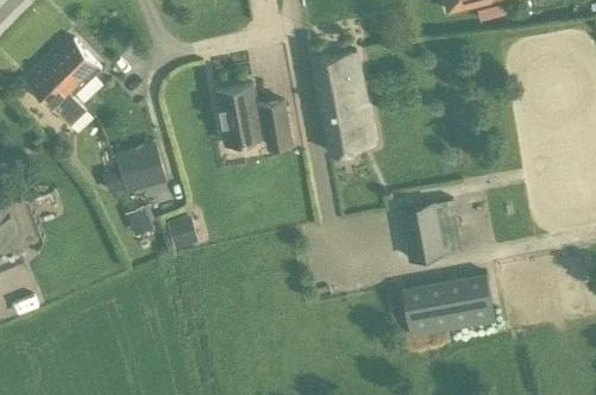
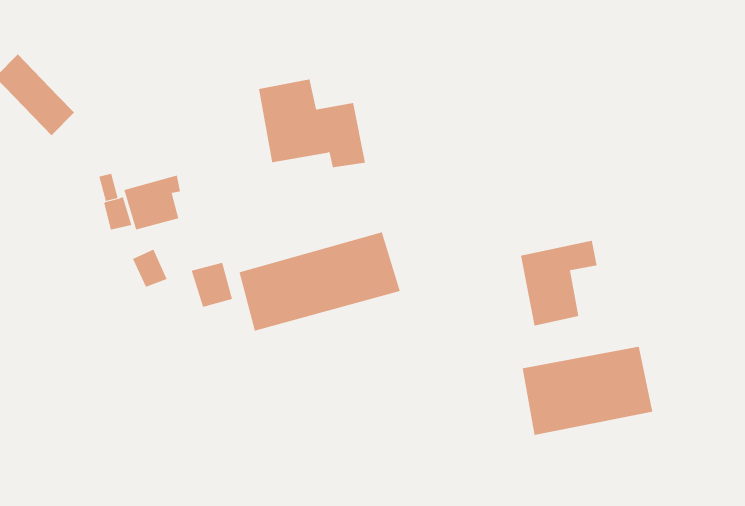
building: [46,39,103,96] -> none
building: [314,52,375,153] -> none
building: none -> [239,232,401,331]

